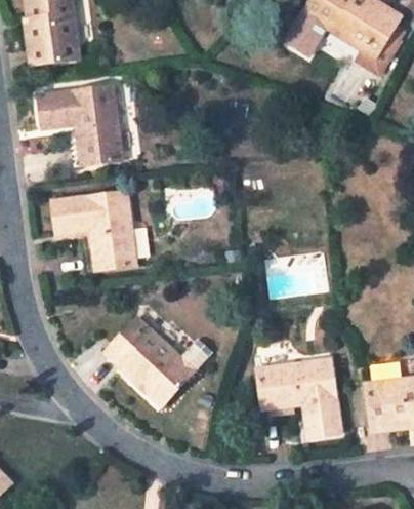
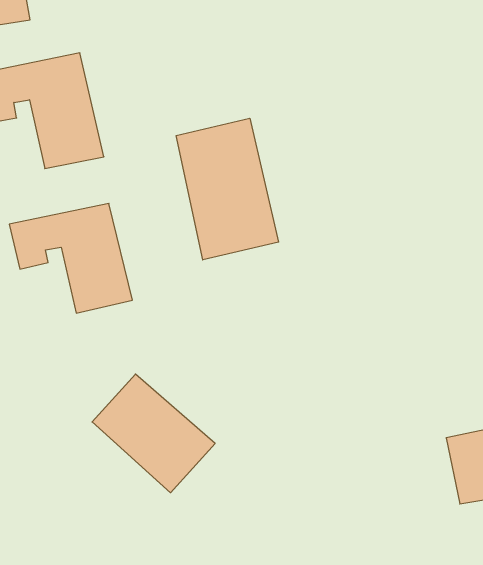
building: none -> [176,118,279,260]
building: [251,360,335,440] -> none

